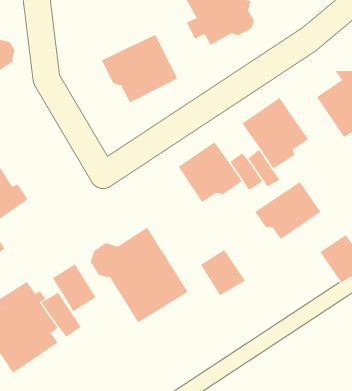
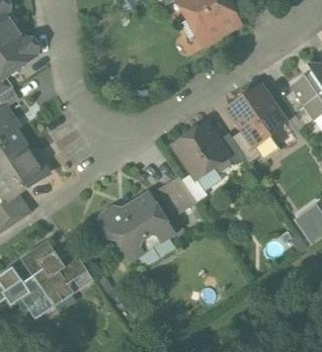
building: [101,34,178,103] -> none
building: [255,181,321,240] -> none
building: [200,249,246,296] -> [159,176,197,215]
building: [52,263,96,312] -> none

